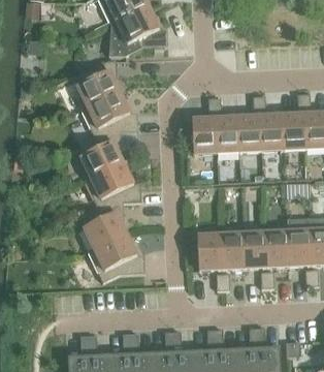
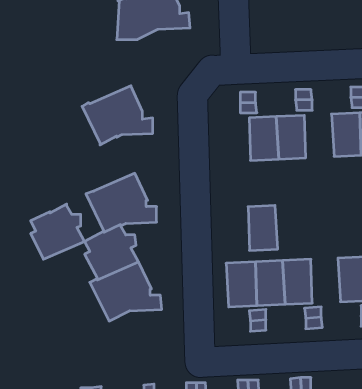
building: [76,59,121,105] -> none
building: [260,114,284,149] -> none
building: [192,117,217,152] -> none
building: [80,131,124,176] -> [31,204,85,259]
building: [265,229,289,266] -> [248,205,278,250]

